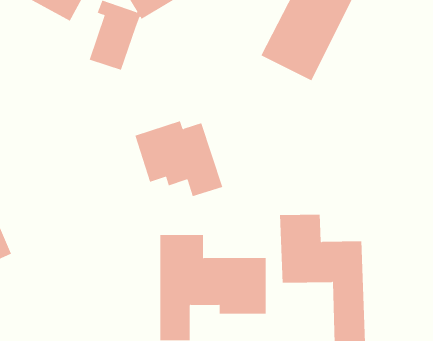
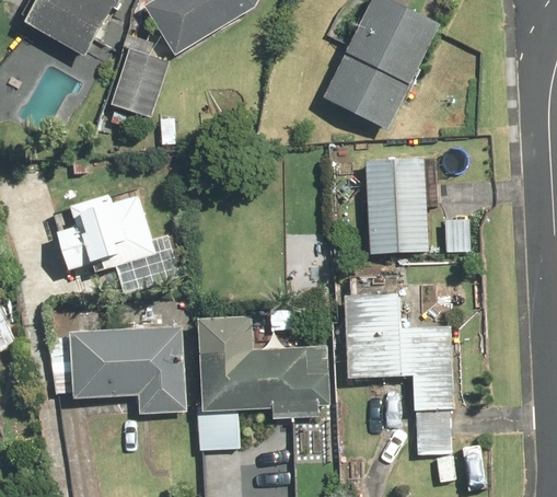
building: none -> [368,159,428,252]
building: [135,121,223,197] -> [53,193,162,287]
building: none -> [46,328,186,414]

